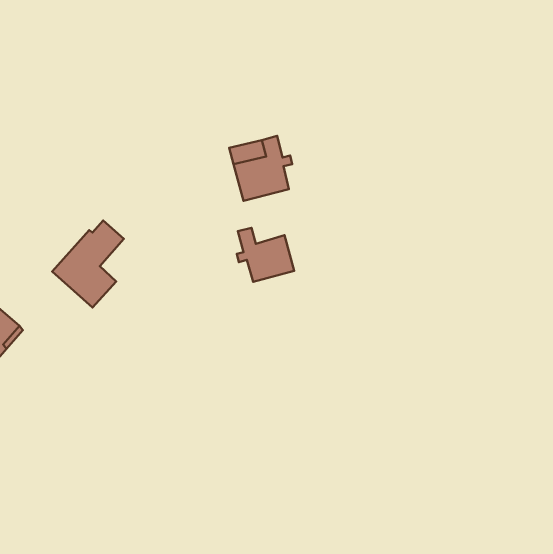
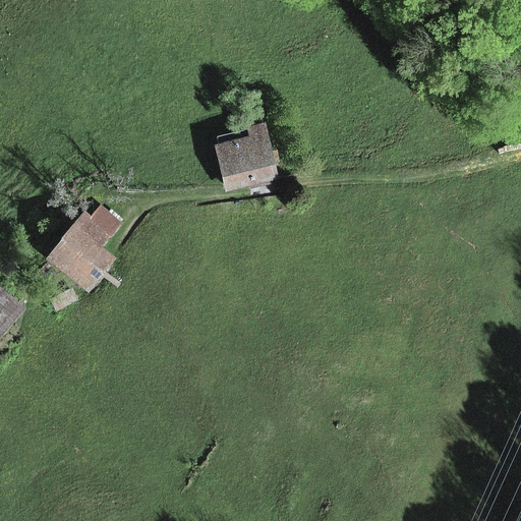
building: [237,228,294,282] -> none

